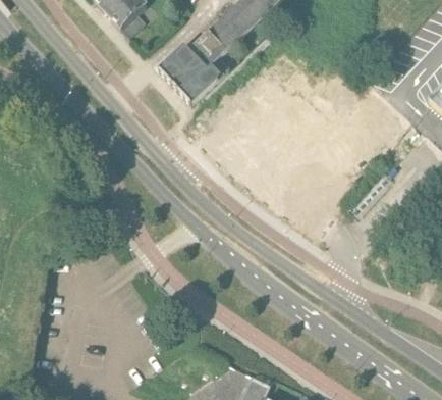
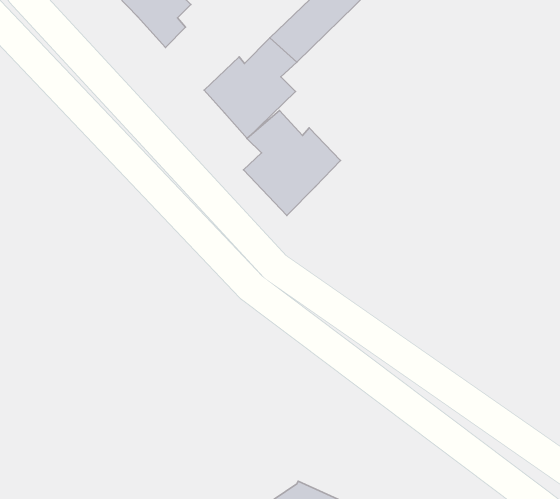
building: none -> [243,111,341,216]

